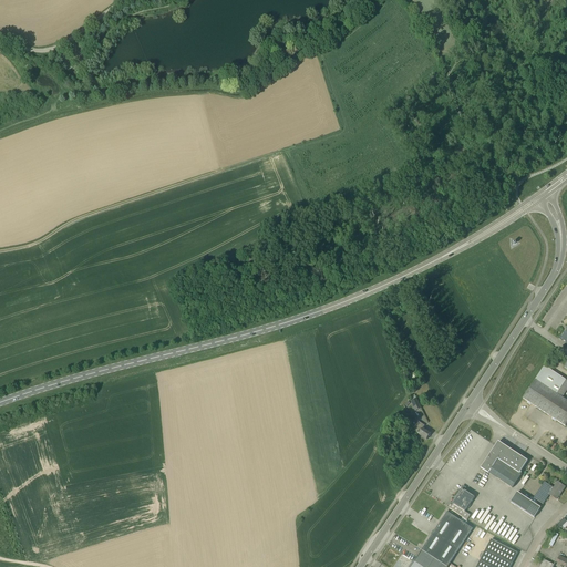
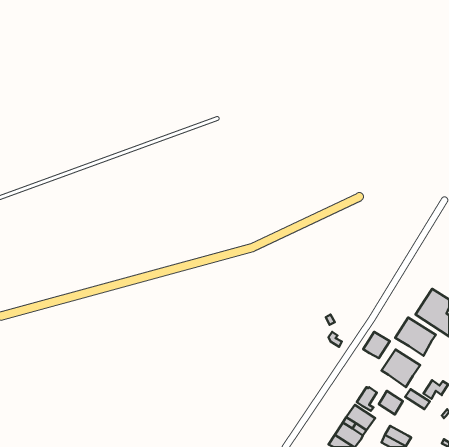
building: none -> [395,318,436,356]
building: none -> [363,332,390,358]
building: none -> [379,391,403,414]

